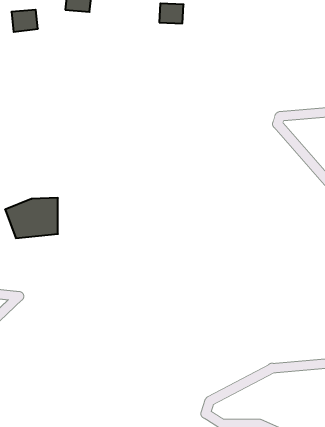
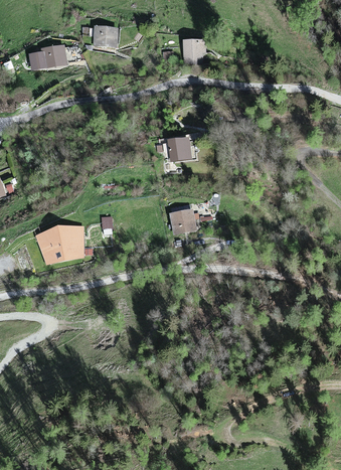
building: none -> [168,139,190,159]
building: none -> [168,209,195,233]

